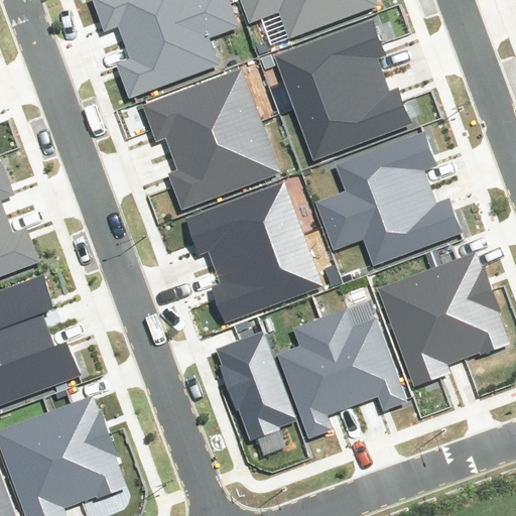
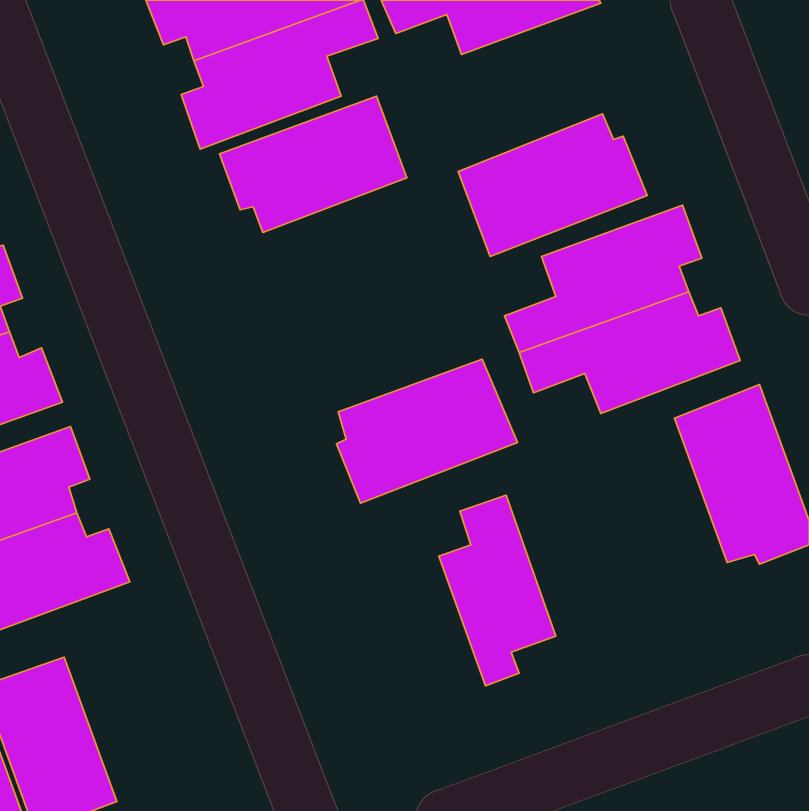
building: [268,22,379,113] -> none
building: [164,117,278,208] -> none
building: [185,178,303,264] -> none
building: [372,268,458,386] -> none
building: [318,306,407,409] -> none
building: [212,327,297,444] -> none
building: [40,397,131,510] -> none

